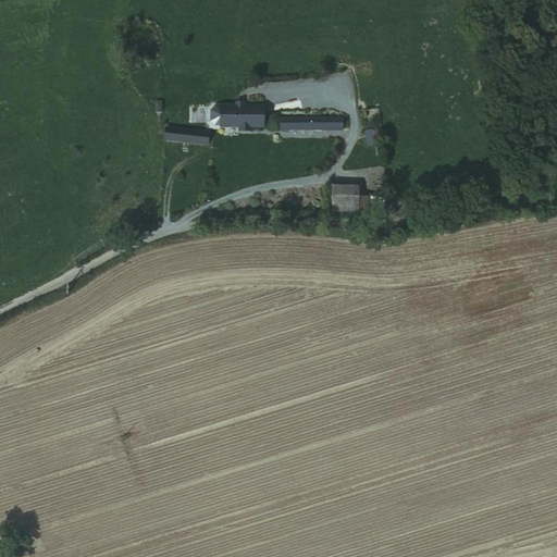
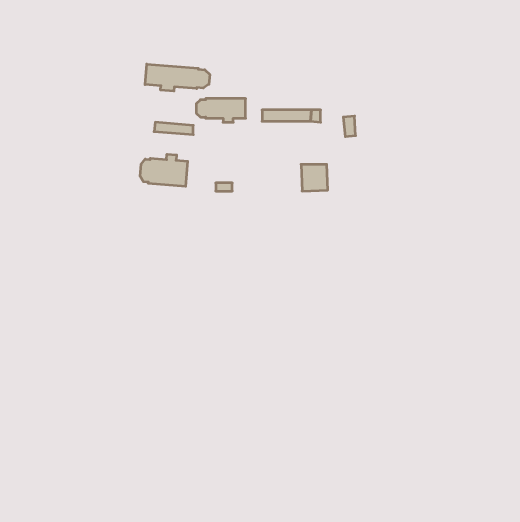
building: none -> [145,64,210,91]
building: none -> [140,154,188,186]

